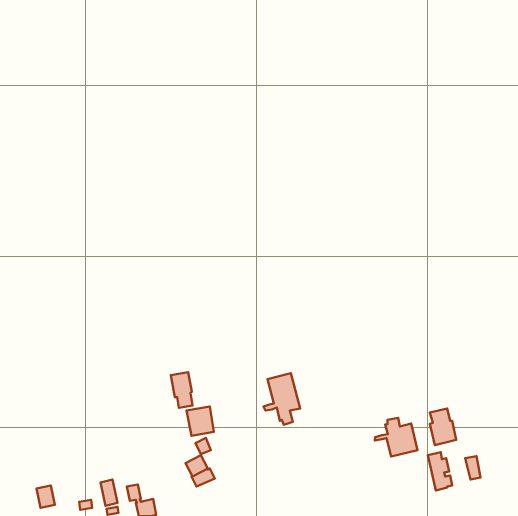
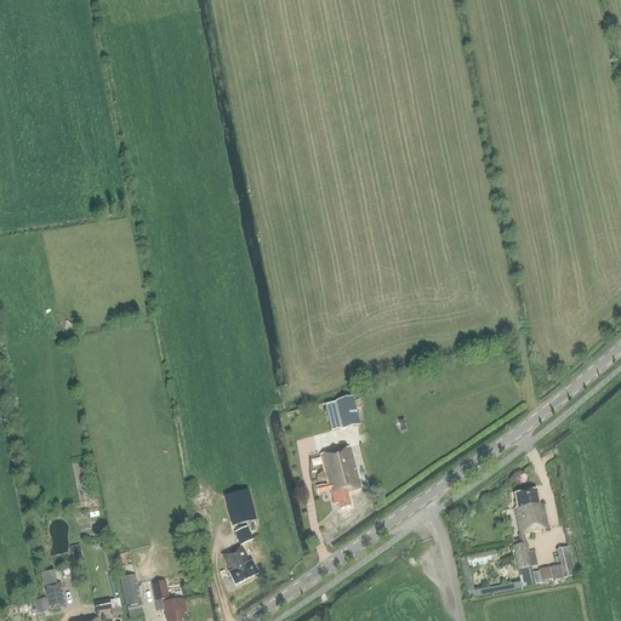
building: none -> [334,395,360,427]
building: [171,372,193,408] -> none
building: [375,418,418,456] -> none

